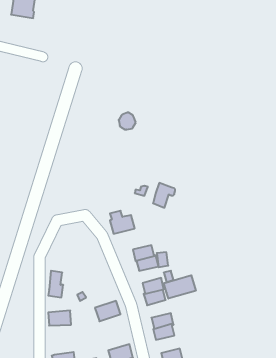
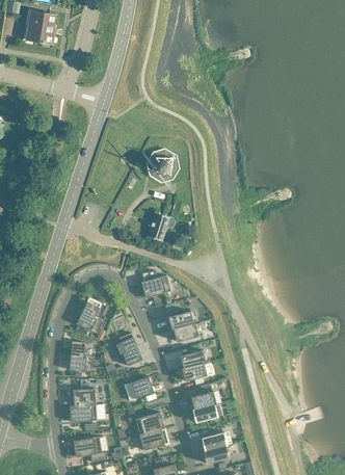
building: [153,183,175,208] -> [147,212,173,241]
building: none -> [76,297,103,334]
building: none -> [112,333,142,366]
building: [164,275,196,299] -> none
building: none -> [70,404,97,422]
building: none -> [135,413,164,434]

